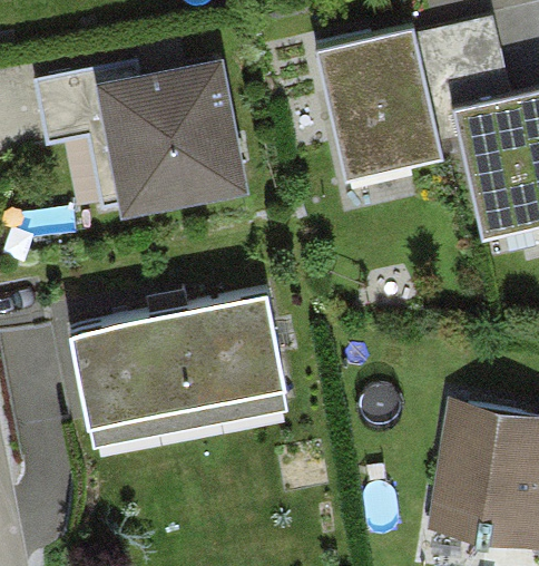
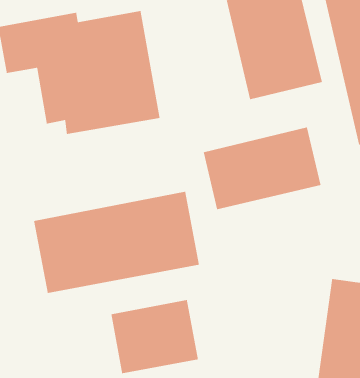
building: none -> [203,127,322,210]
building: none -> [110,299,199,374]

